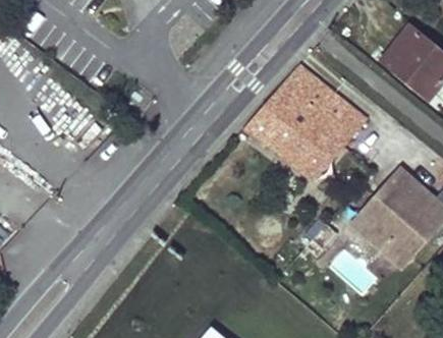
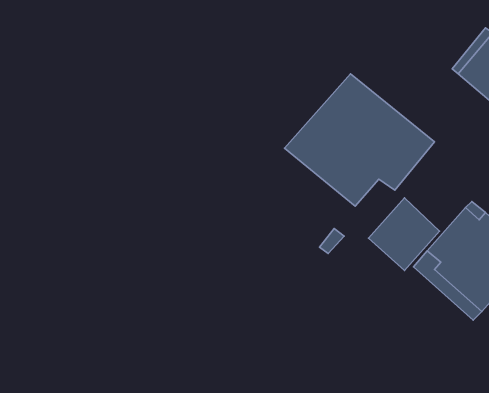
building: none -> [369,198,440,270]

